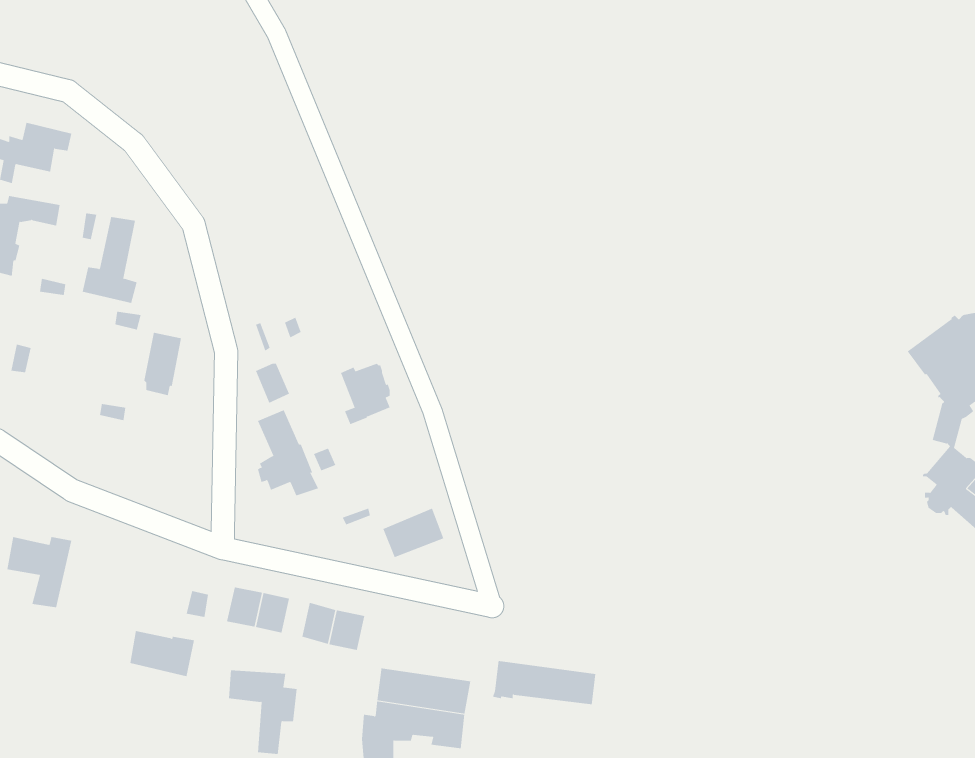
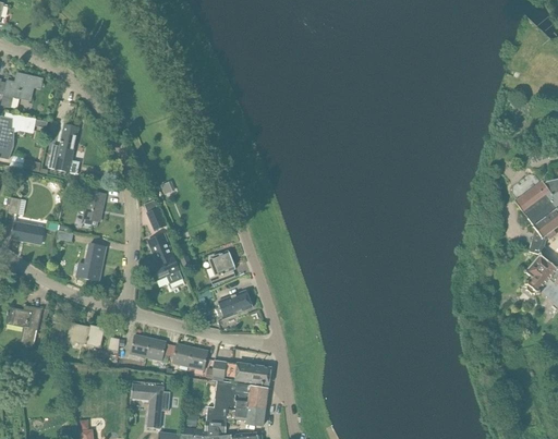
building: [340,363,390,425] -> [207,251,235,285]
building: none -> [11,222,44,244]
building: none -> [75,244,106,281]
building: [129,631,195,677] -> [66,321,104,347]
building: [492,660,596,705] -> [211,359,270,385]

